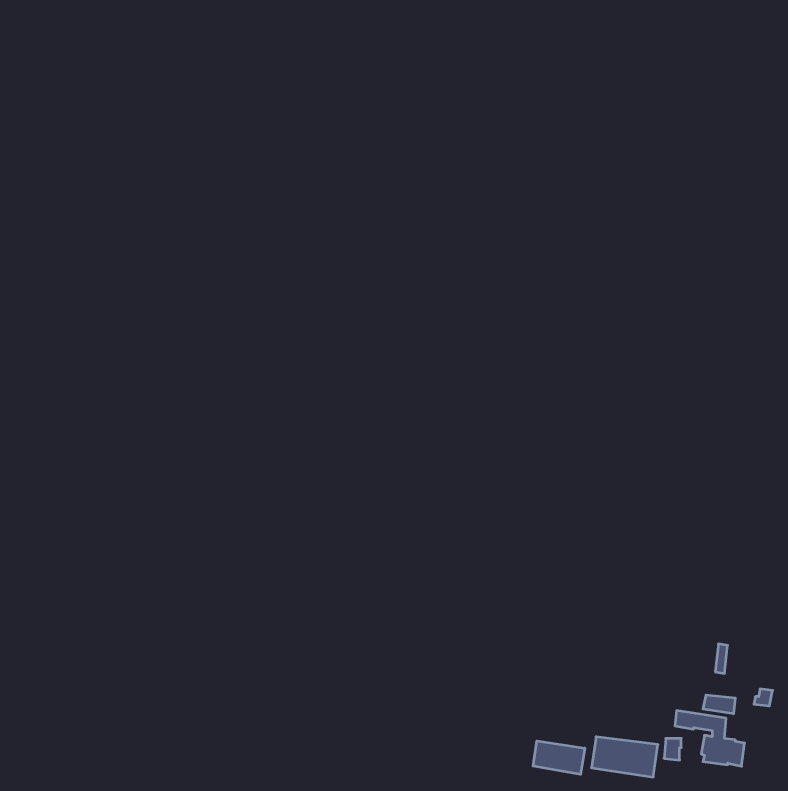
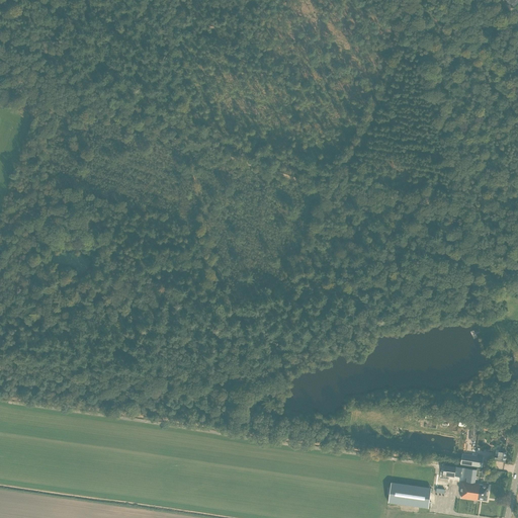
building: [533,741,585,774] -> none

